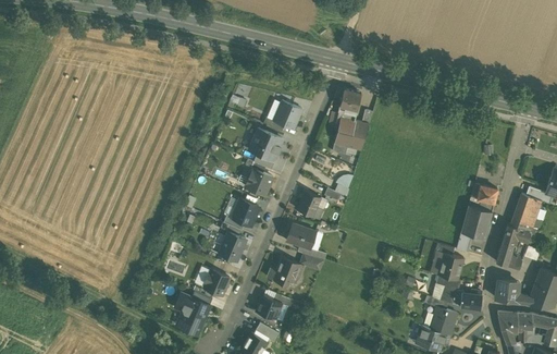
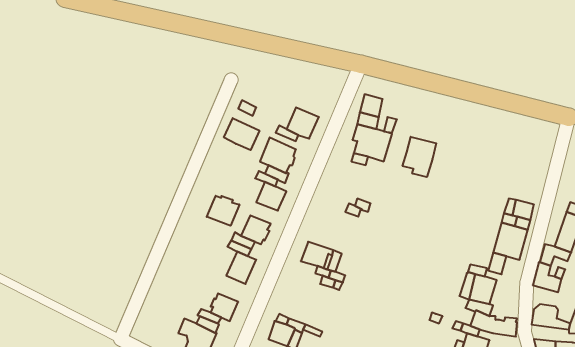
building: none -> [224,118,259,150]
building: none -> [403,137,436,177]
building: none -> [207,196,239,226]
building: [297,191,327,219] -> none
building: [268,256,304,284] -> none

